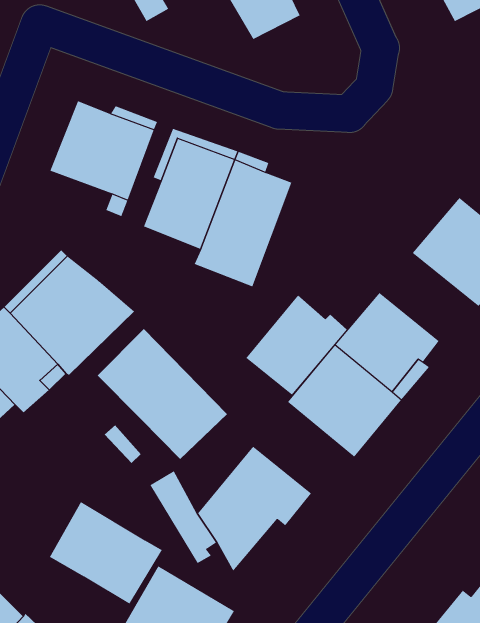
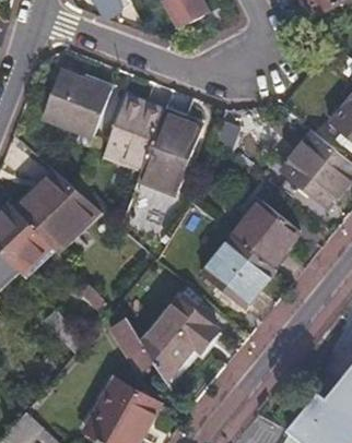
building: [246,295,347,395] -> none
building: [97,328,228,460] -> none
building: [49,501,162,604] -> none

